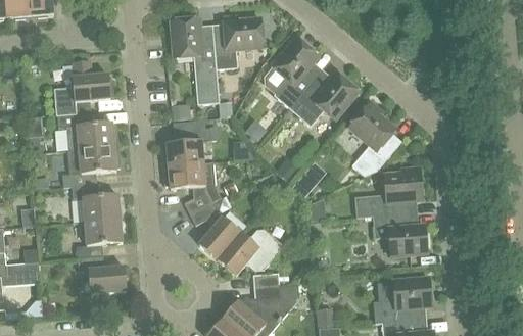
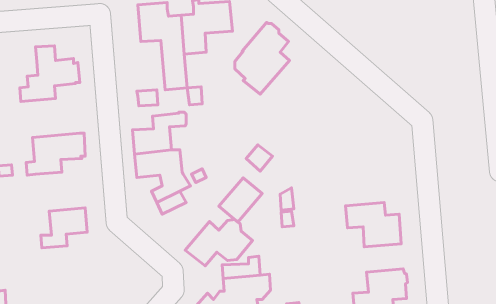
building: [289,74,358,126] -> none
building: [349,102,401,175] -> none
building: [57,112,118,150] -> none
building: [354,166,422,219] -> none
building: [72,184,120,222] -> none
building: [198,217,240,259] -> [219,178,262,222]
building: [78,255,126,293] -> none

